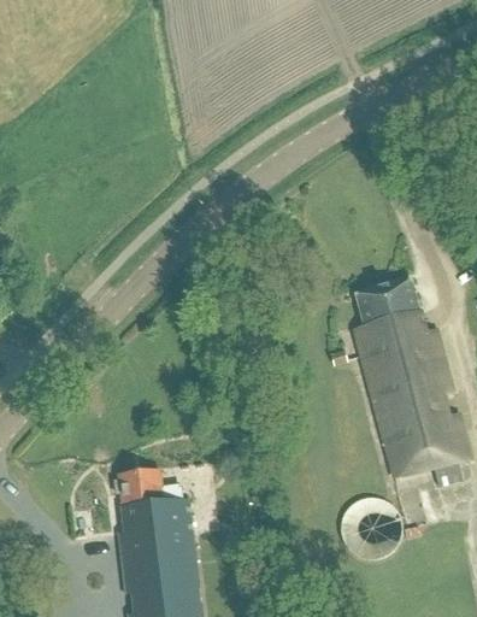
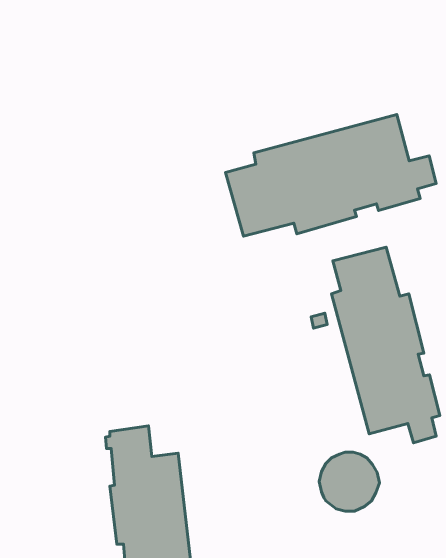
building: none -> [226,115,436,236]

